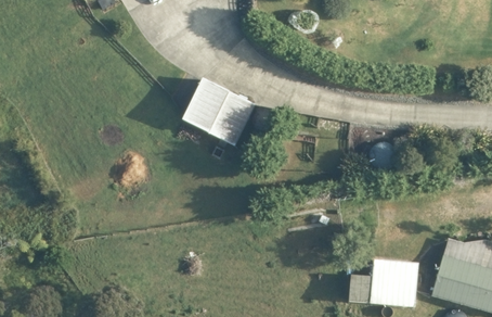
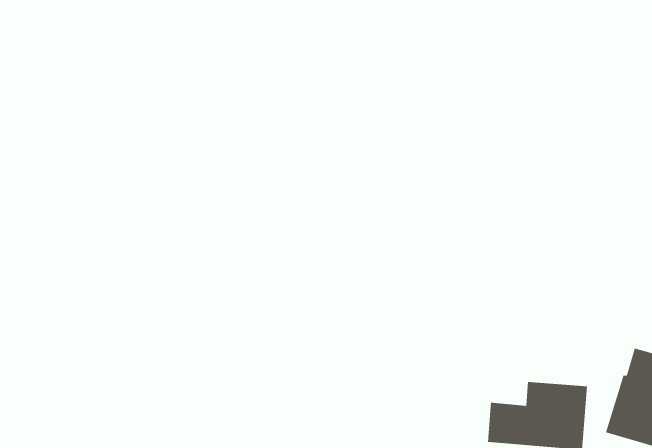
building: [185,80,253,144] -> none

